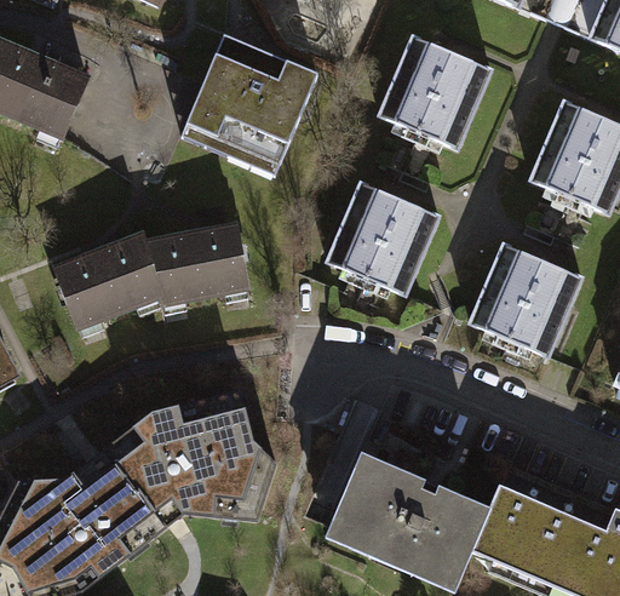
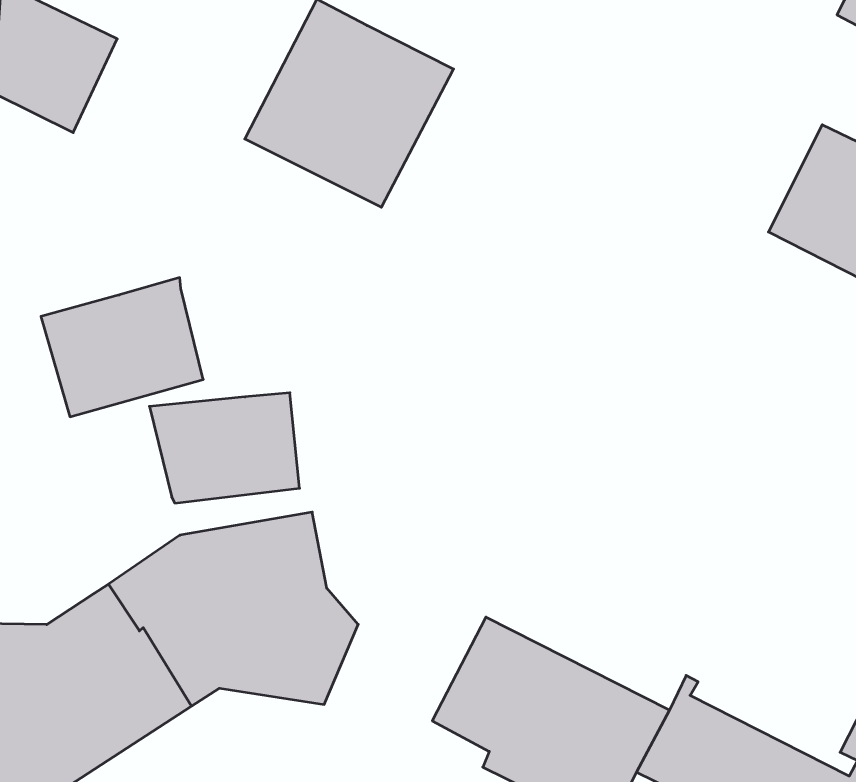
building: [383,35,494,148] -> none
building: [329,184,442,294] -> none
building: [139,227,245,306] -> [149,393,300,503]
building: [473,243,585,354] -> none

